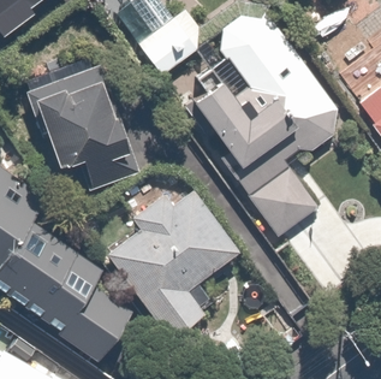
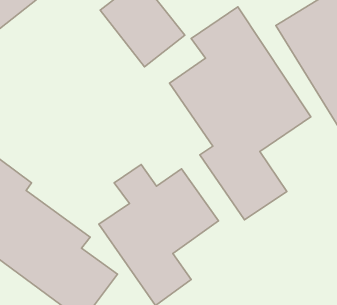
building: [25,65,139,188] -> none

